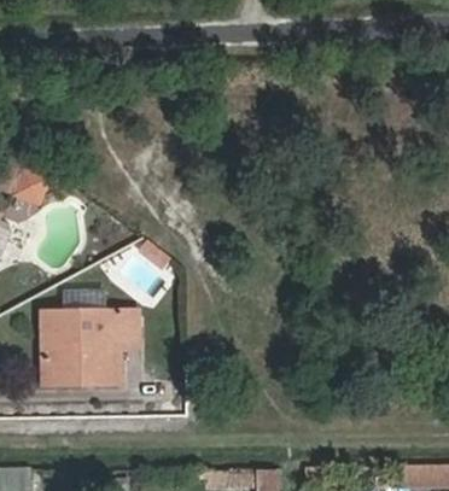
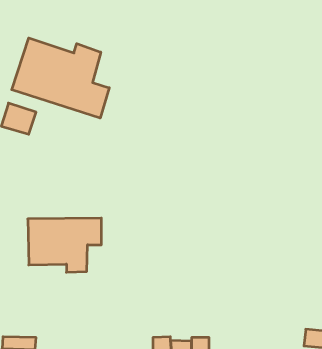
building: none -> [12,38,109,118]

